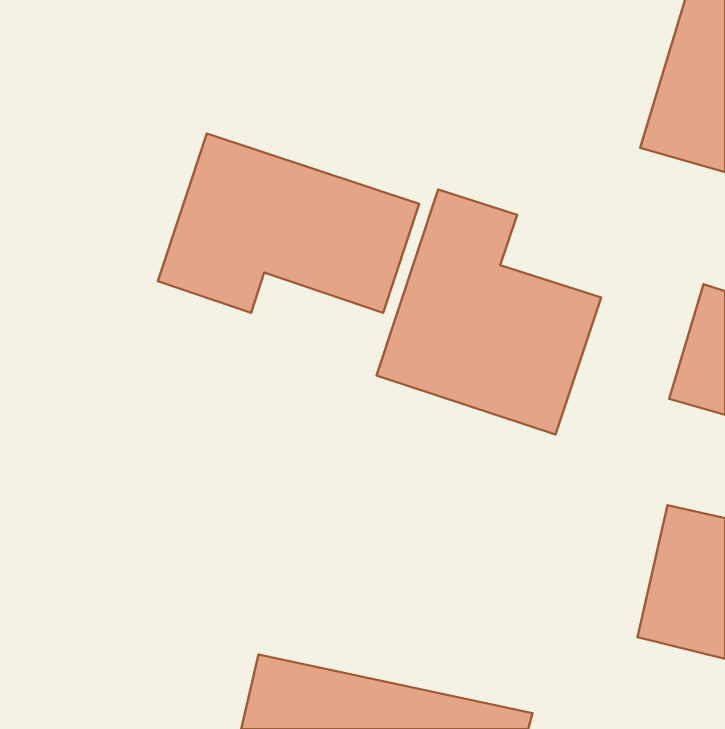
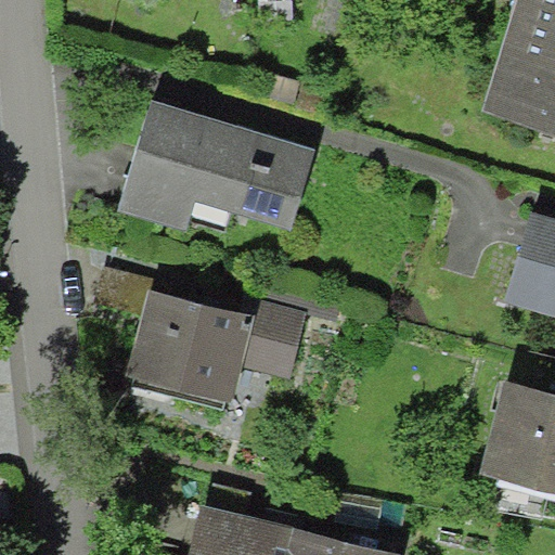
building: [377,190,601,435] -> none
building: none -> [128,296,308,412]

